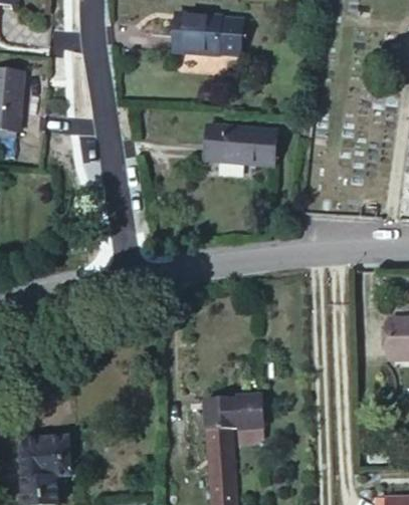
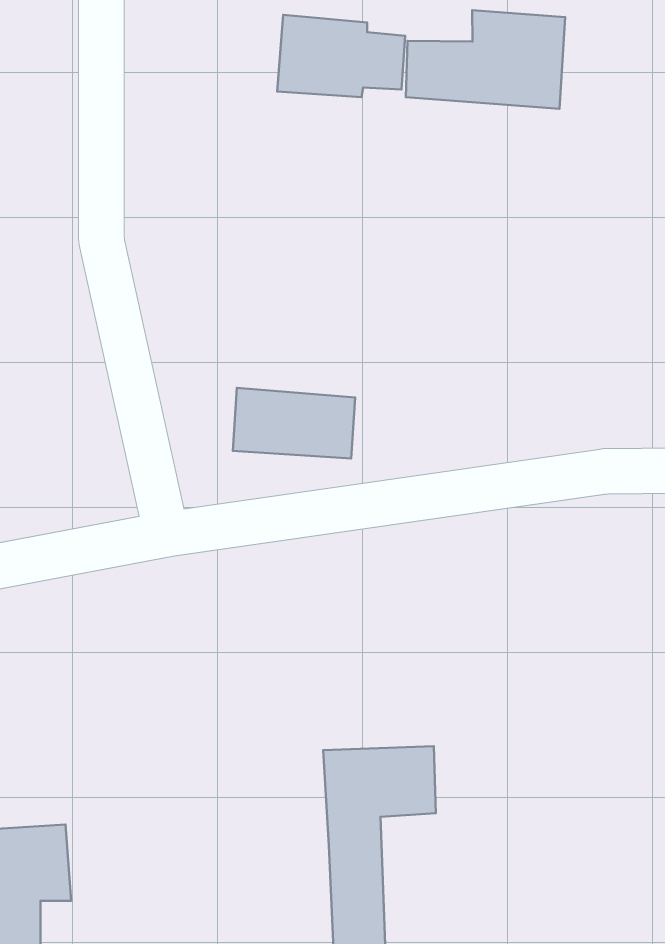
building: none -> [406,10,565,109]
building: [204,130,268,167] -> [233,388,355,459]

